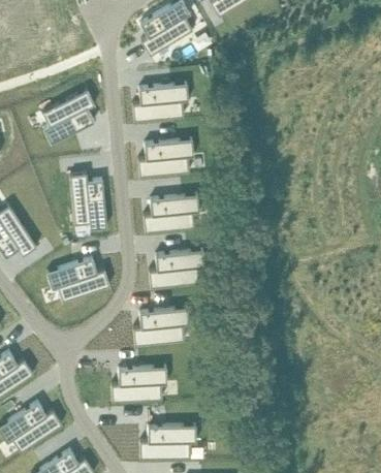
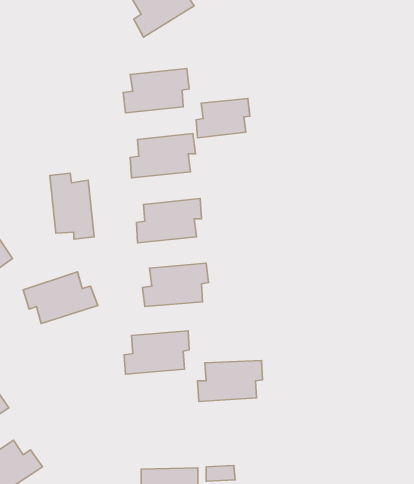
building: [41,87,94,141] -> none
building: none -> [196,98,250,138]
building: [110,365,166,400] -> [198,361,263,401]

